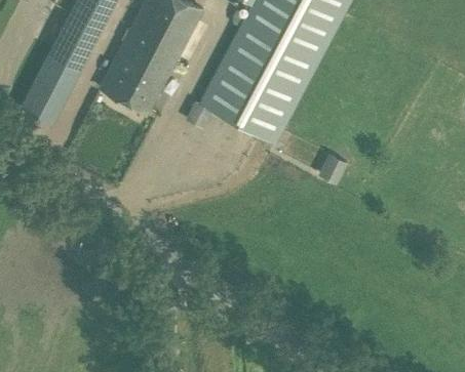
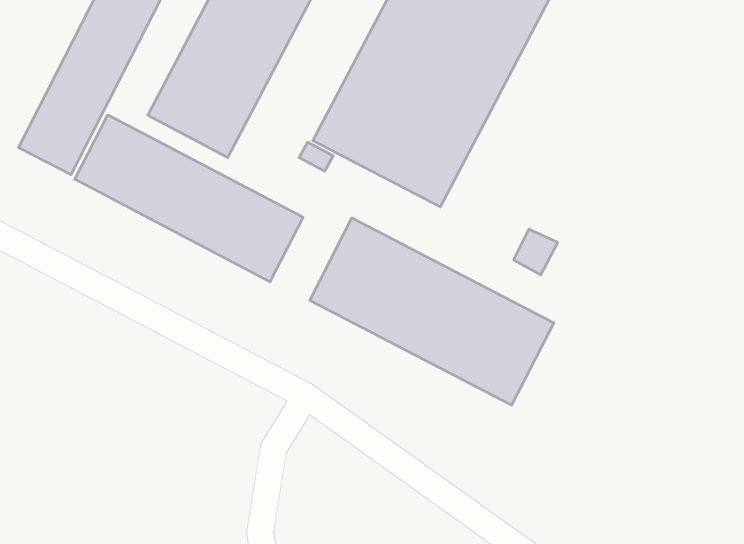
building: none -> [75,115,303,282]
building: none -> [310,218,554,405]

